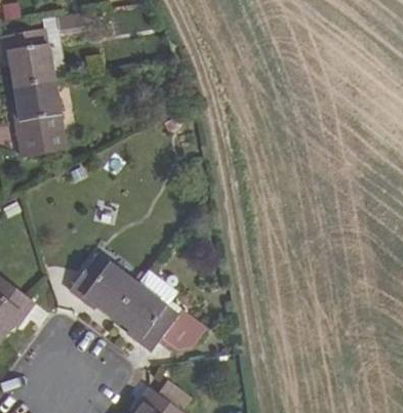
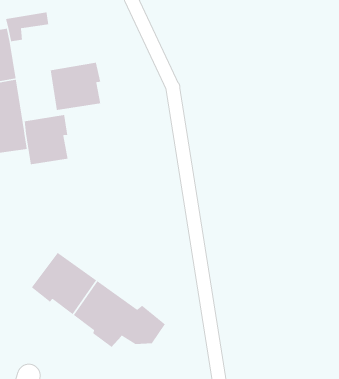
building: none -> [50,62,101,111]
building: none -> [24,114,68,165]

